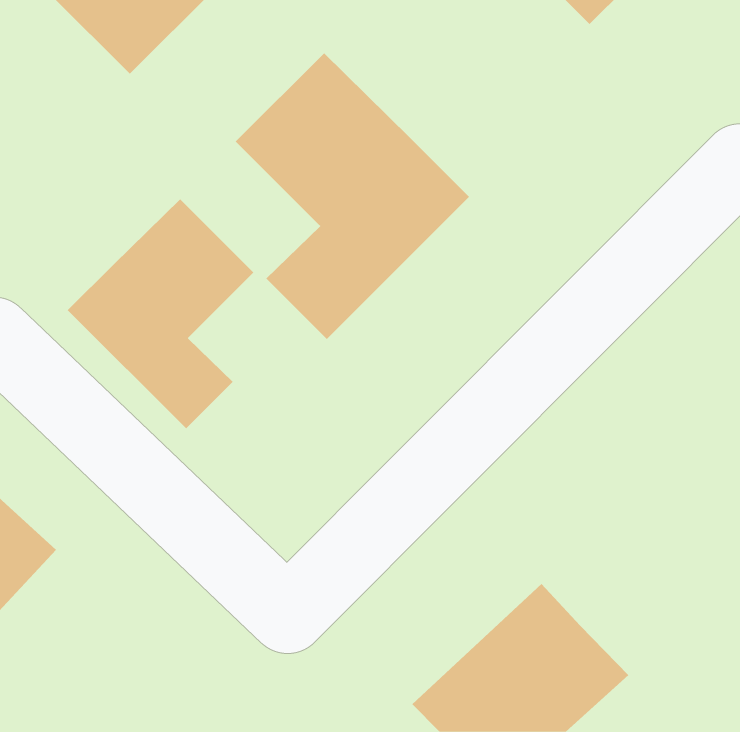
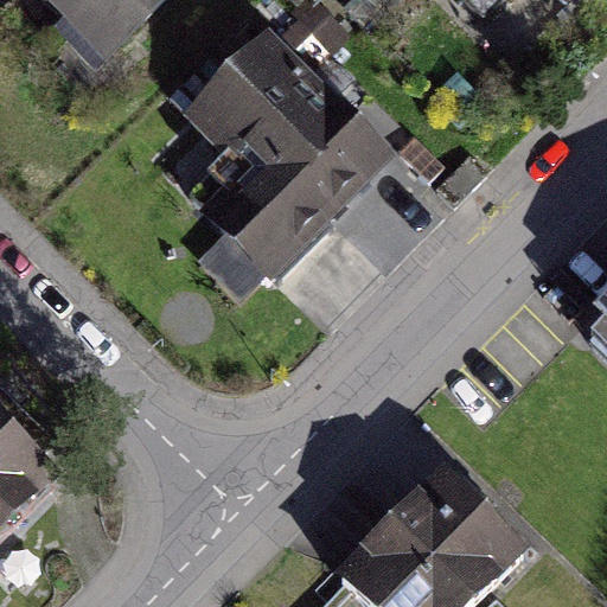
building: [67,199,254,429] -> none

